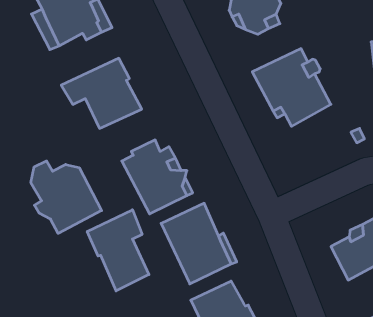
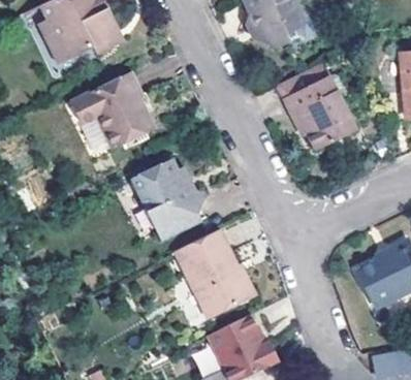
building: [31,161,102,233] -> none
building: [87,210,149,291] -> none

